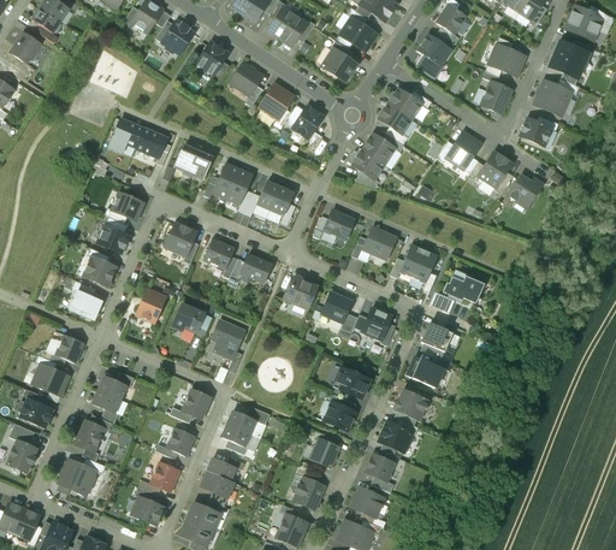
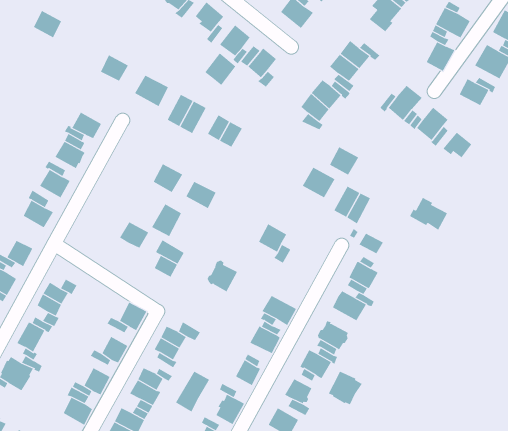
building: none -> [204,53,236,86]
building: [113,119,143,148] -> [33,10,62,38]
building: [324,209,355,239] -> [329,146,359,176]
building: [165,224,196,256] -> none
building: [443,270,484,303] -> [409,197,448,230]
building: [284,276,316,309] -> [207,260,238,292]
building: [135,289,166,324] -> [151,203,182,237]
building: [361,308,391,341] -> none
building: none -> [328,371,363,405]
building: none -> [175,371,210,412]

